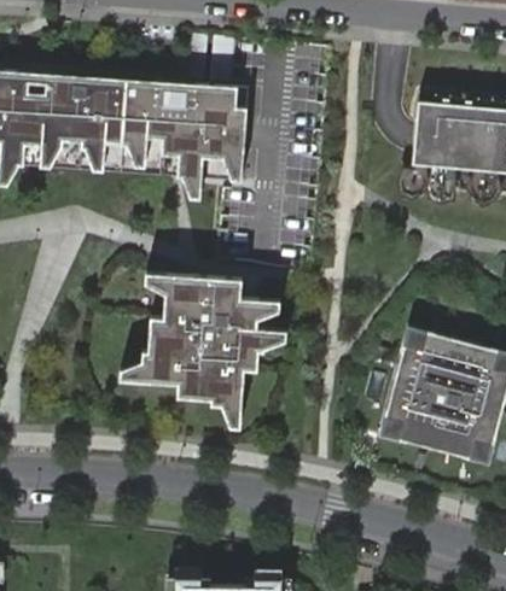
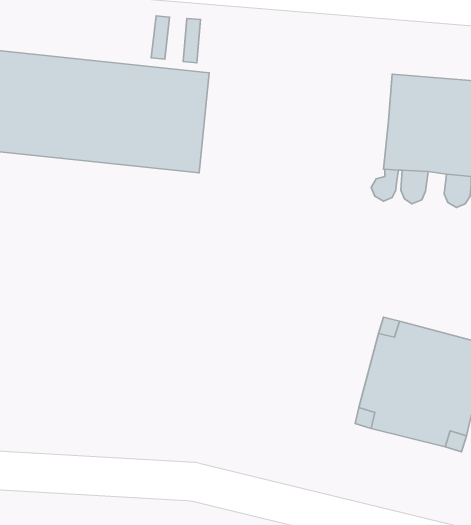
building: [120,273,287,428] -> none

